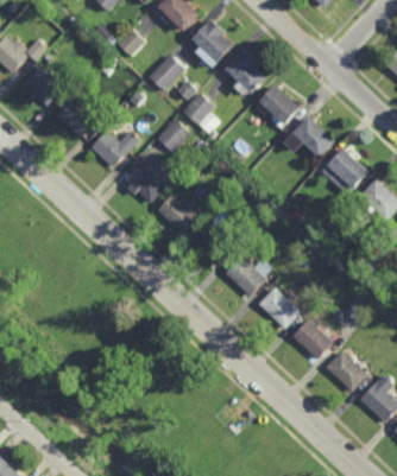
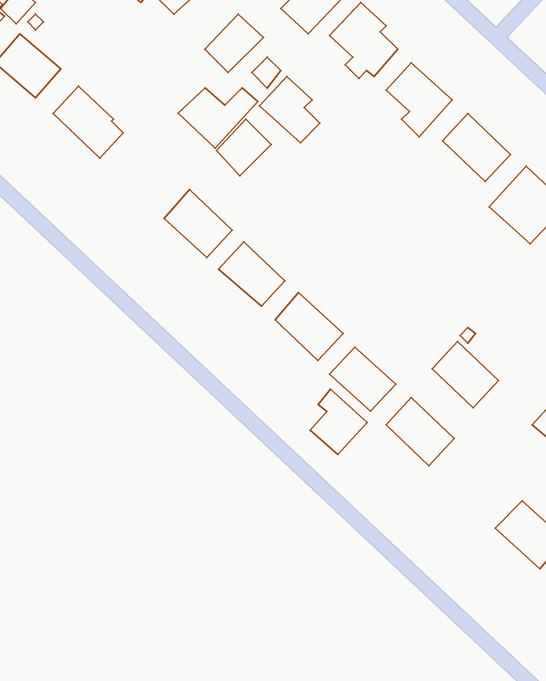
building: [89,129,138,166] -> [178,88,258,148]
building: none -> [310,389,367,455]
building: [294,319,334,360] -> [432,342,498,408]

